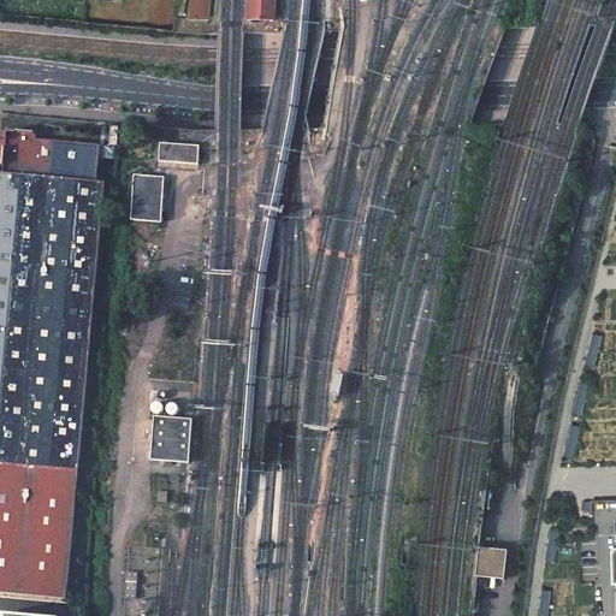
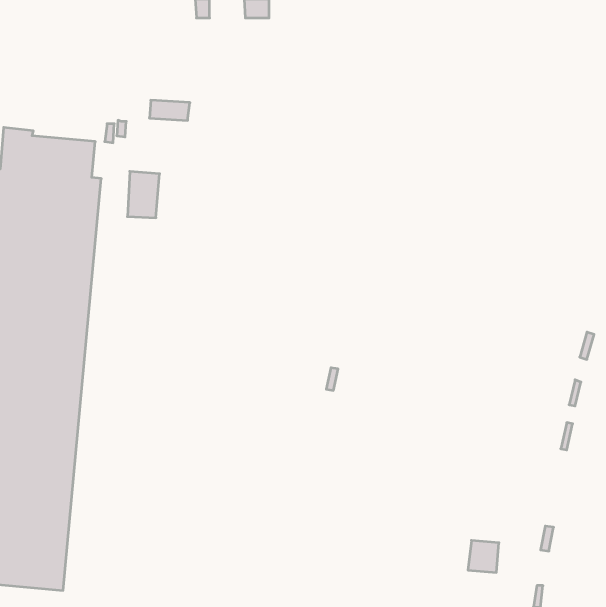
building: [156,142,197,162] -> [149,100,190,120]
building: [148,415,189,461] -> none

